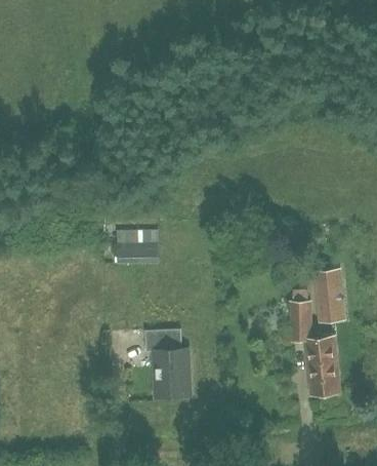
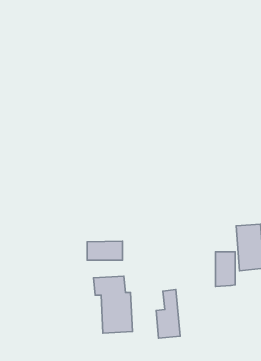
building: [117,241,159,264] -> [87,241,123,260]
building: [308,337,337,394] -> [156,290,180,338]

